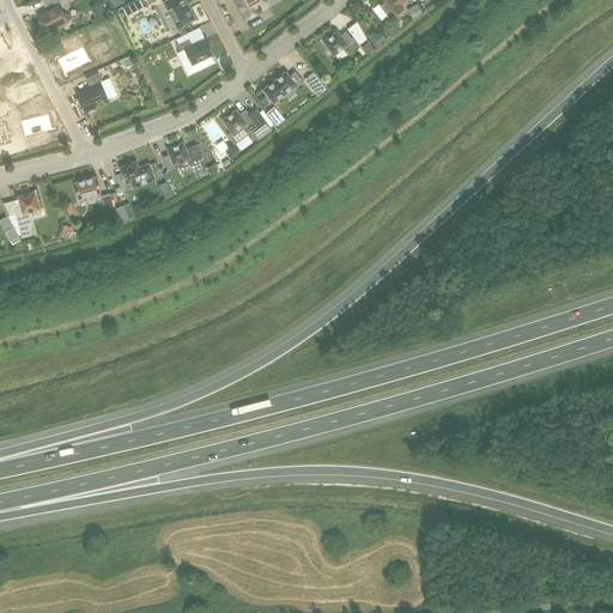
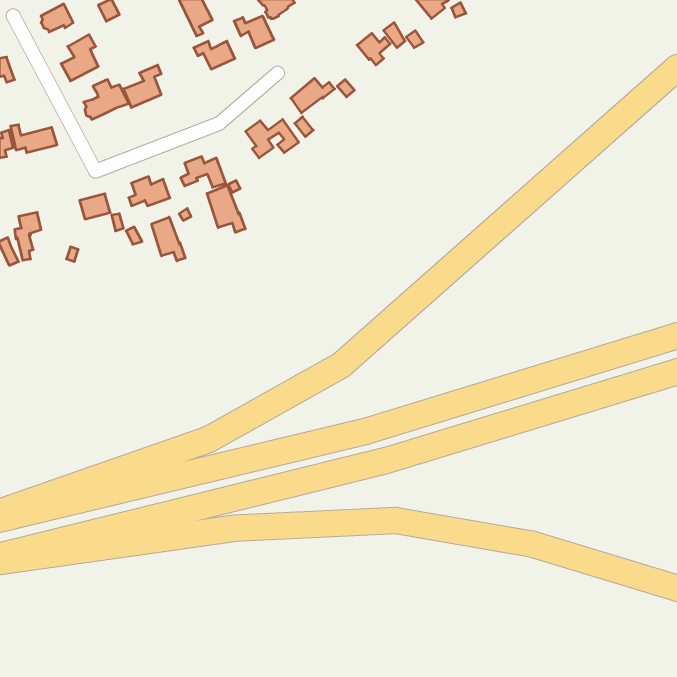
building: none -> [234,16,274,48]
building: none -> [123,65,161,108]
building: none -> [207,185,245,232]
building: none -> [152,217,185,261]

